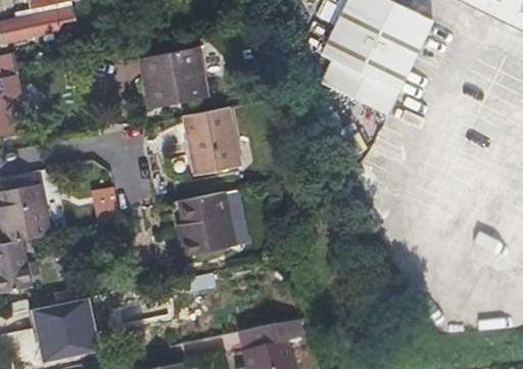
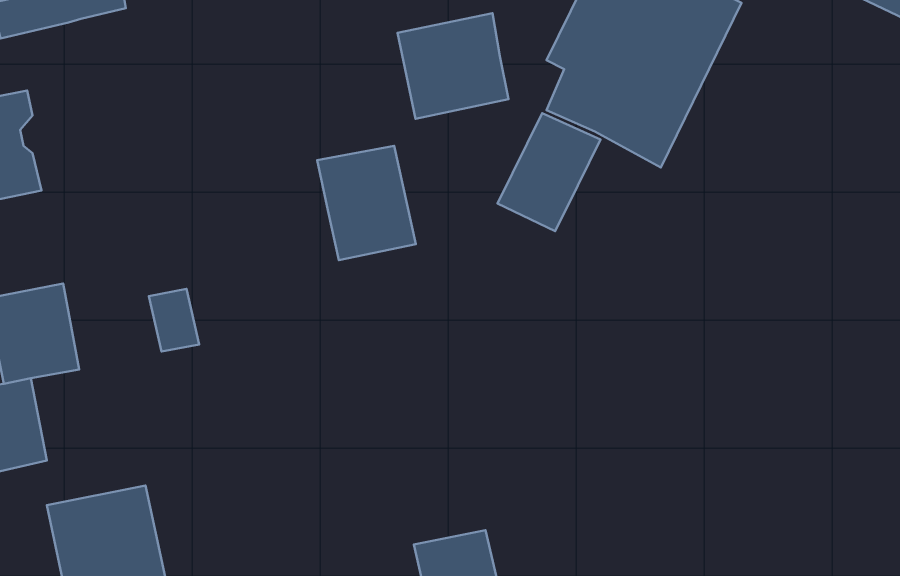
building: [145,45,208,105] -> [398,13,509,119]
building: none -> [497,113,600,231]
building: [181,190,236,256] -> none

